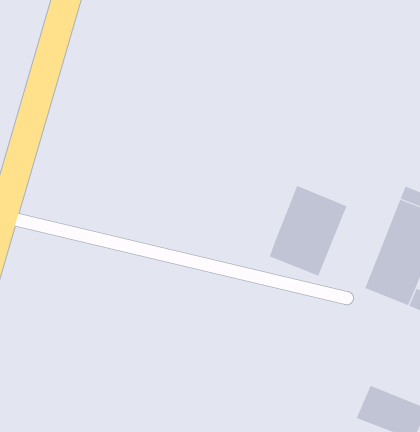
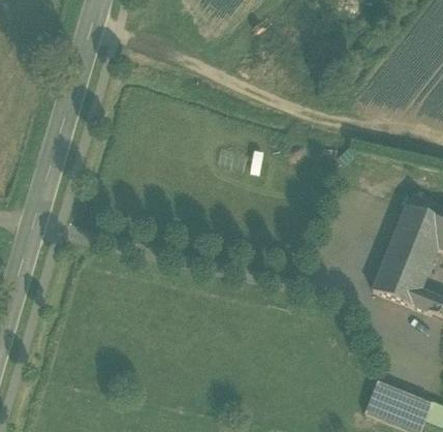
building: [269,185,347,277] -> none

